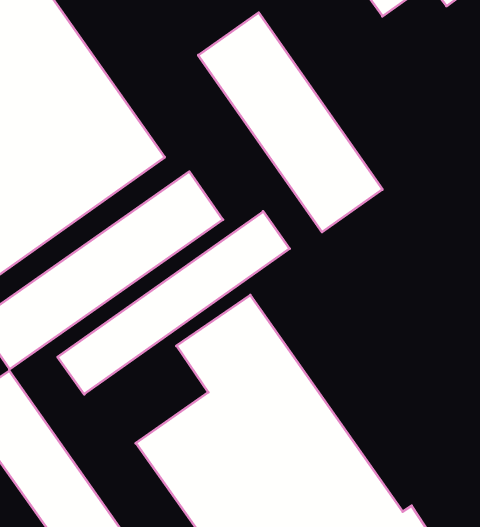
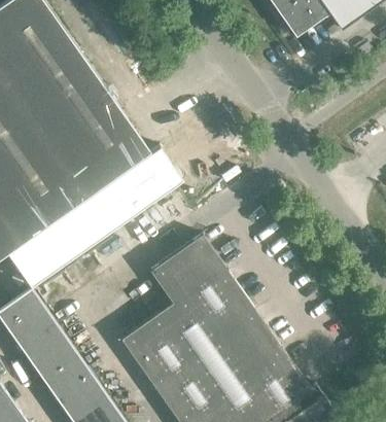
building: [198,13,382,232] -> none
building: [58,211,290,394] -> none

